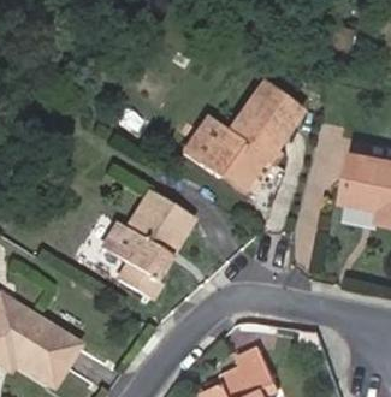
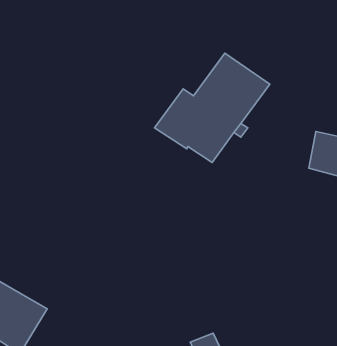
building: [103,194,190,296] -> none

